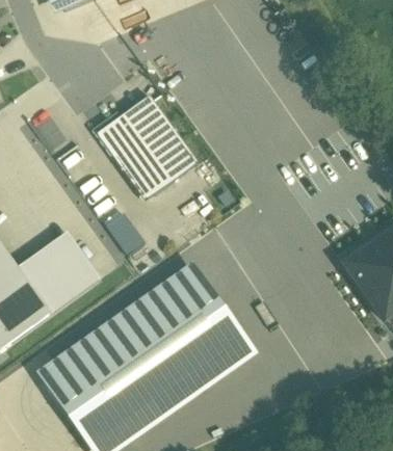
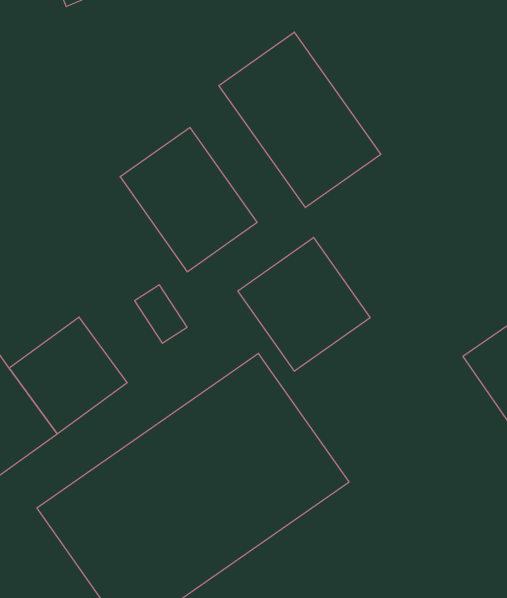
building: none -> [219,32,381,208]
building: none -> [238,237,370,371]

